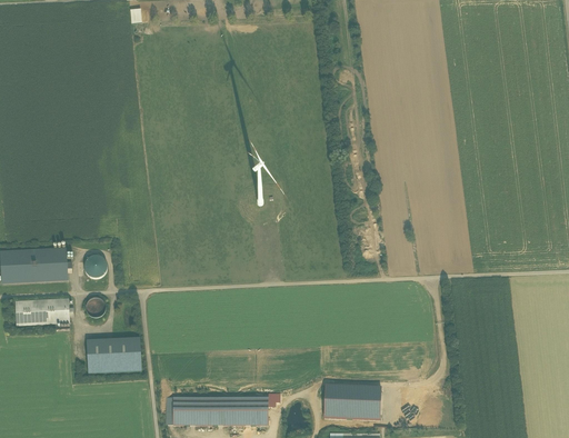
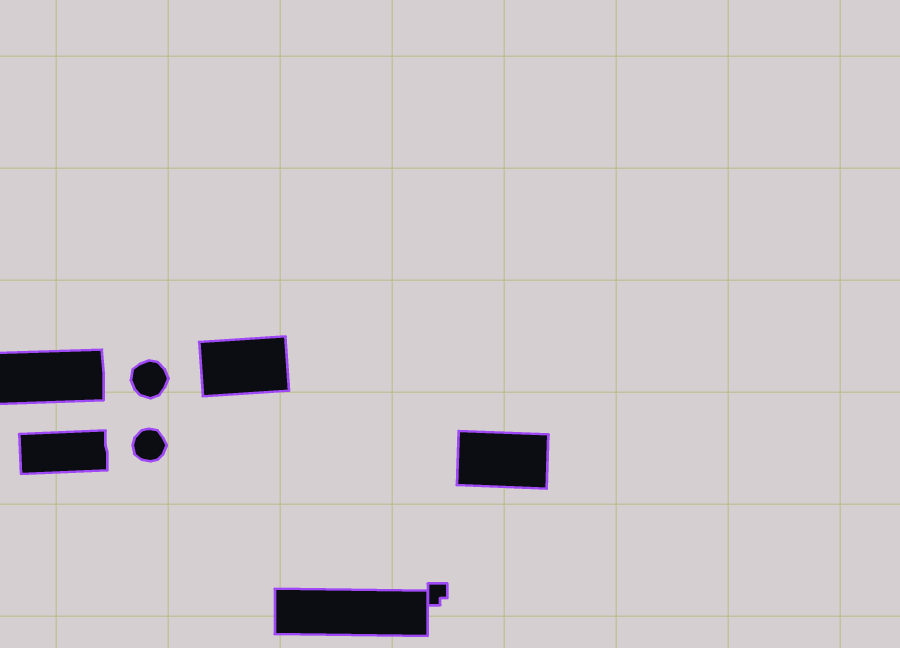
building: [86,337,141,374] -> [199,337,289,396]
building: [323,384,380,419] -> [457,431,549,489]

